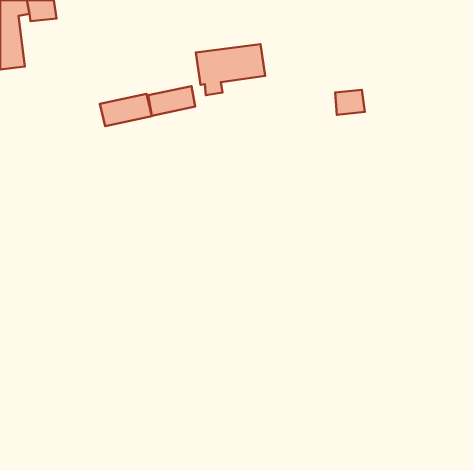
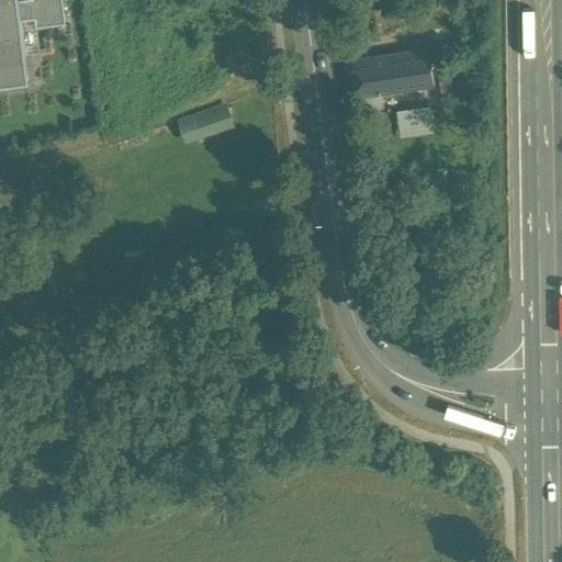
building: [196,44,265,95] -> [352,50,435,111]
building: [100,94,152,126] -> none

